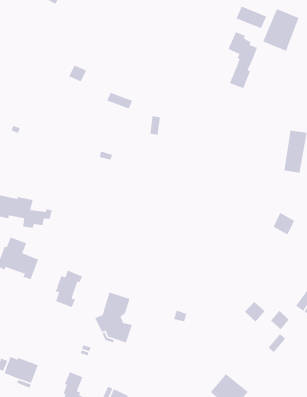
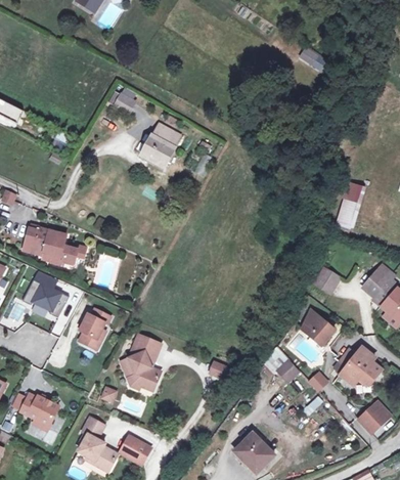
building: [262,8,300,52] -> none
building: [228,31,258,89] -> none
building: none -> [142,135,175,168]
building: none -> [305,309,337,344]

